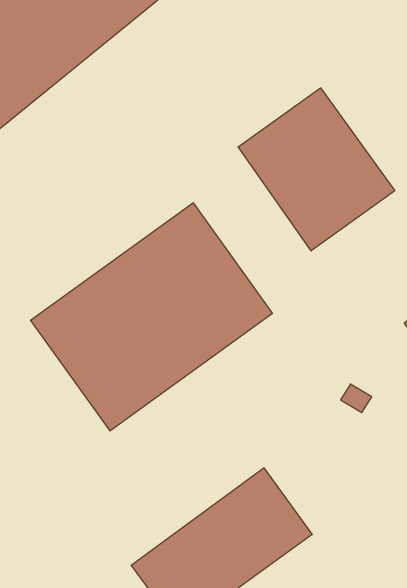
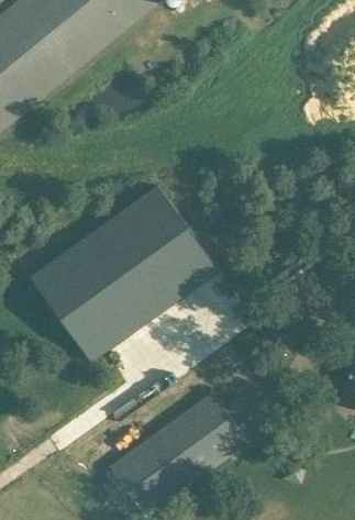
building: [238,88,395,251] -> none

